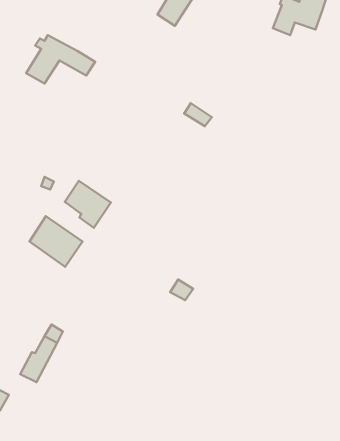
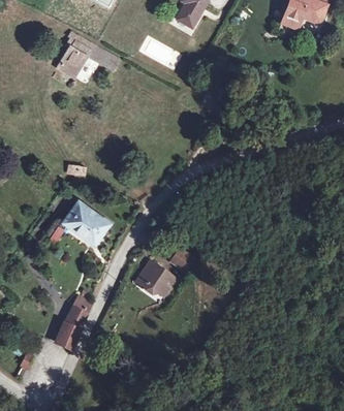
building: [65,181,111,228] -> none
building: none -> [142,262,183,296]

